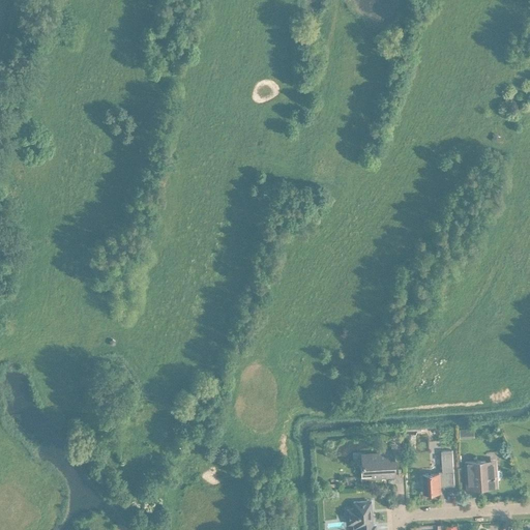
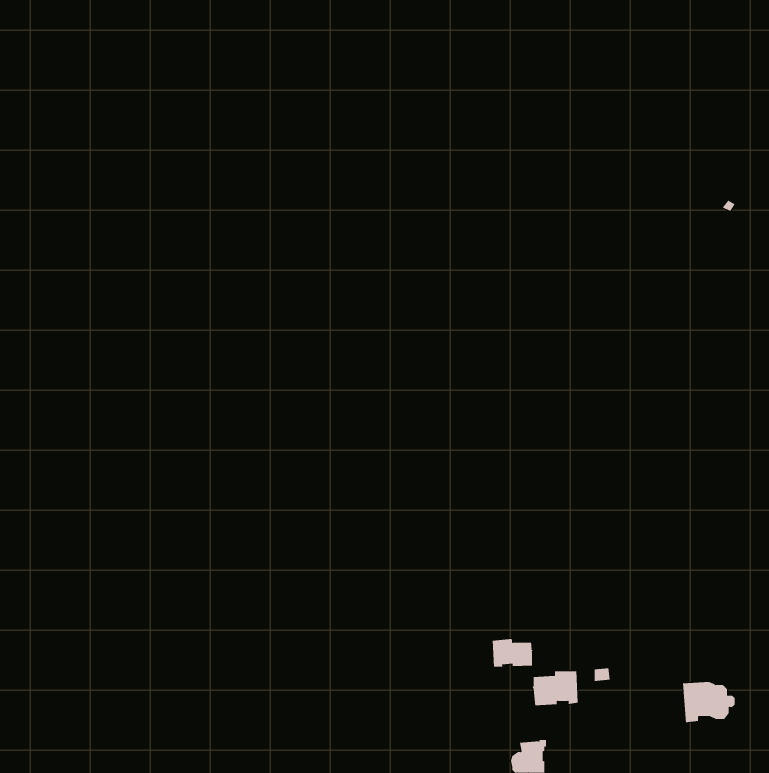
building: none -> [492,638,533,668]
building: [421,452,452,495] -> none

